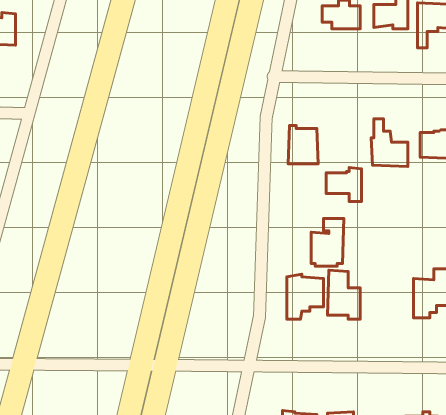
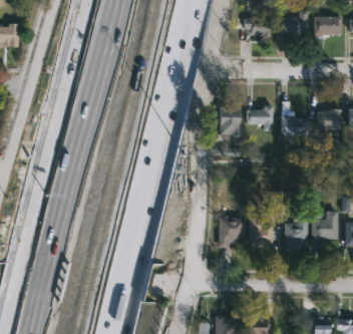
building: [326,167,362,202] -> [247,105,273,130]
building: [311,219,344,266] -> [285,213,309,248]

